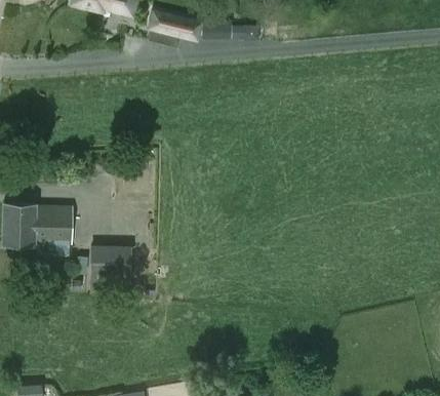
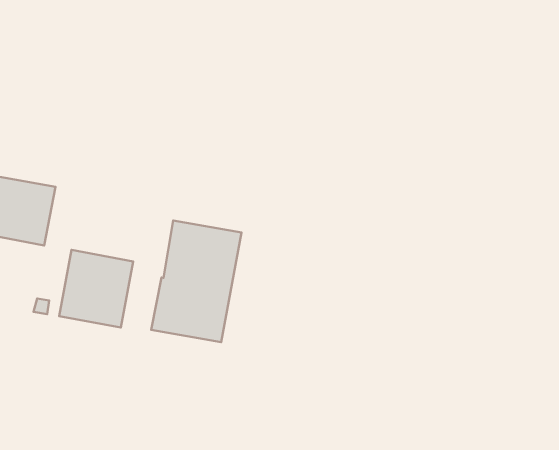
building: none -> [151,220,241,342]

